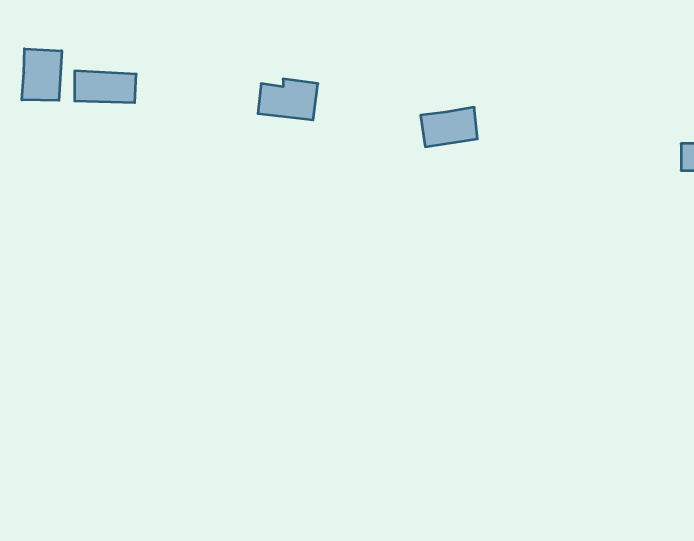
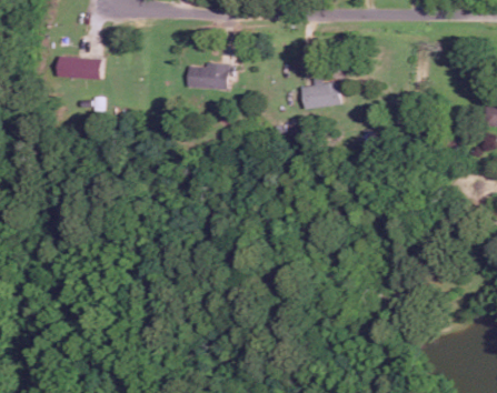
building: [22,49,62,100] -> none

